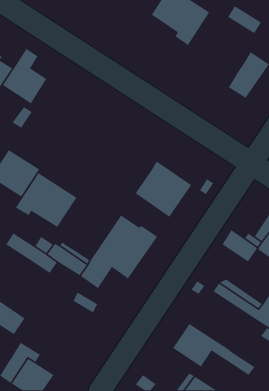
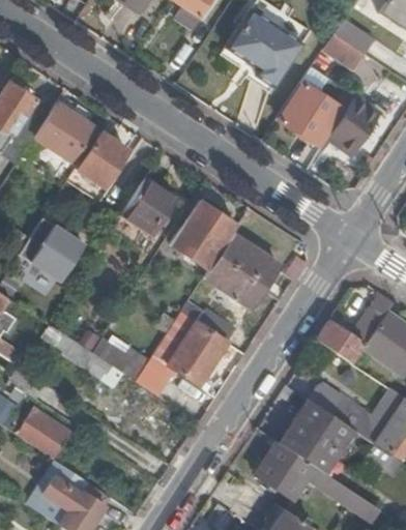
building: none -> [282,84,345,145]
building: none -> [77,132,129,188]
building: none -> [122,177,177,233]
building: none -> [172,201,235,271]
building: [15,172,77,228] -> none
building: none -> [278,401,354,474]

